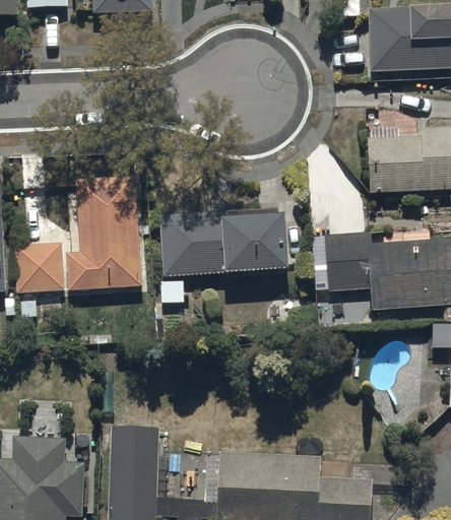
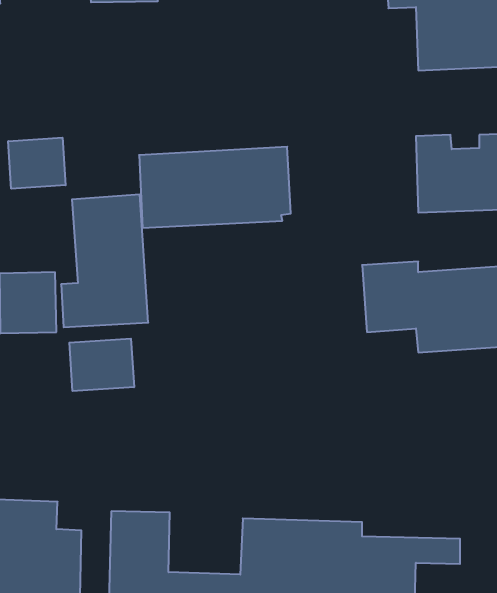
building: none -> [8,138,66,189]
building: [159,207,288,276] -> [139,147,291,228]
building: none -> [69,339,134,391]

